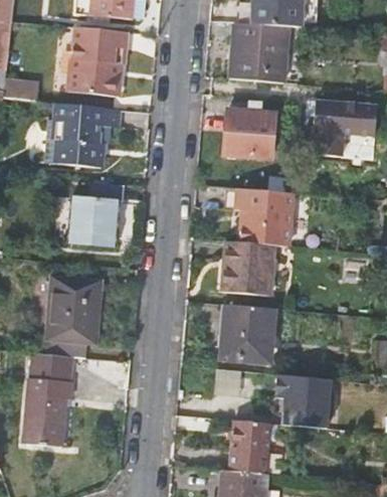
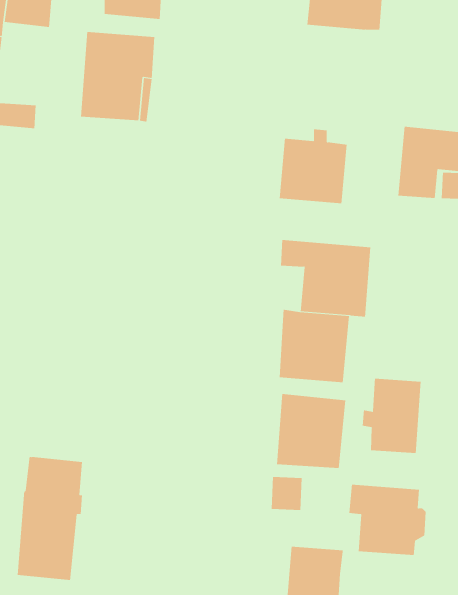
building: [229,22,288,82] -> none
building: [45,104,120,165] -> none
building: [70,182,125,245] -> none
building: [33,275,104,357] -> none
building: none -> [362,378,421,454]

